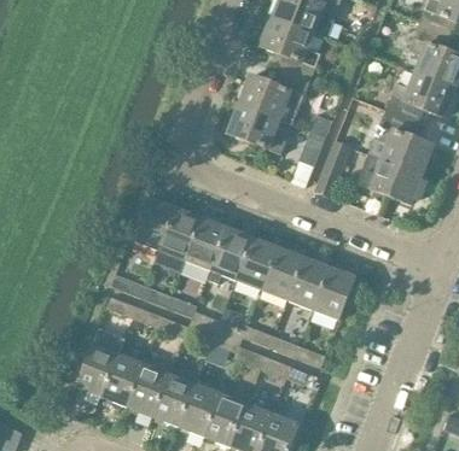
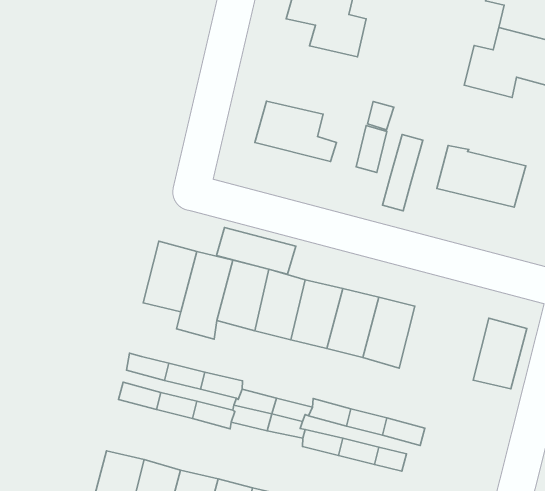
building: [239,69,309,119] -> none
building: [373,111,432,175] -> none
building: none -> [217,227,296,274]
building: [312,266,355,320] -> [473,318,527,389]

